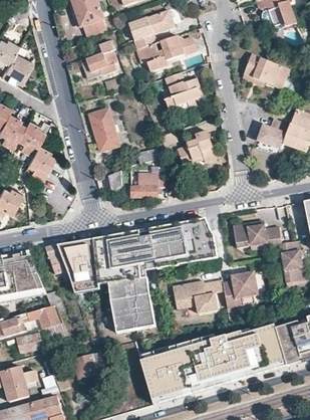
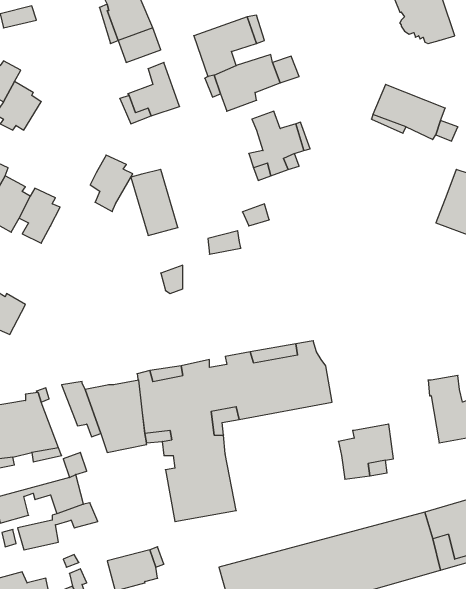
building: [258,119,290,148] -> none
building: [176,131,216,166] -> none
building: [27,145,54,181] -> [90,155,133,212]
building: [131,168,164,197] -> none
building: [232,222,280,247] -> none
building: [172,279,223,313] -> none

